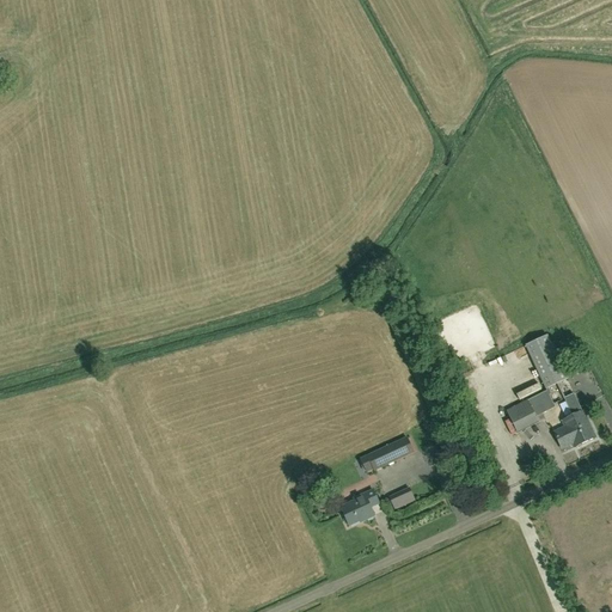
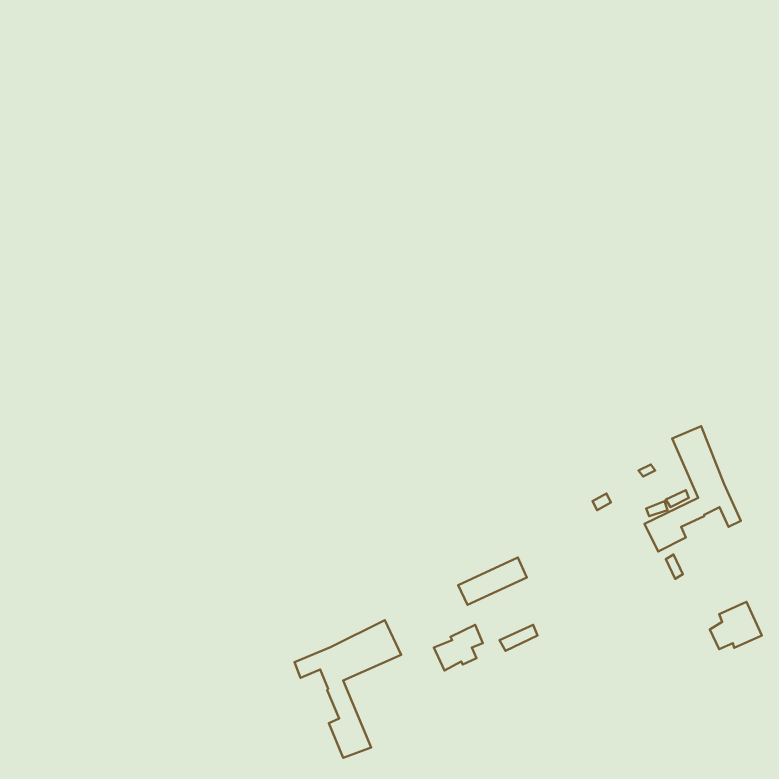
building: [553,410,594,447] -> [710,602,762,649]
building: none -> [294,620,401,758]

